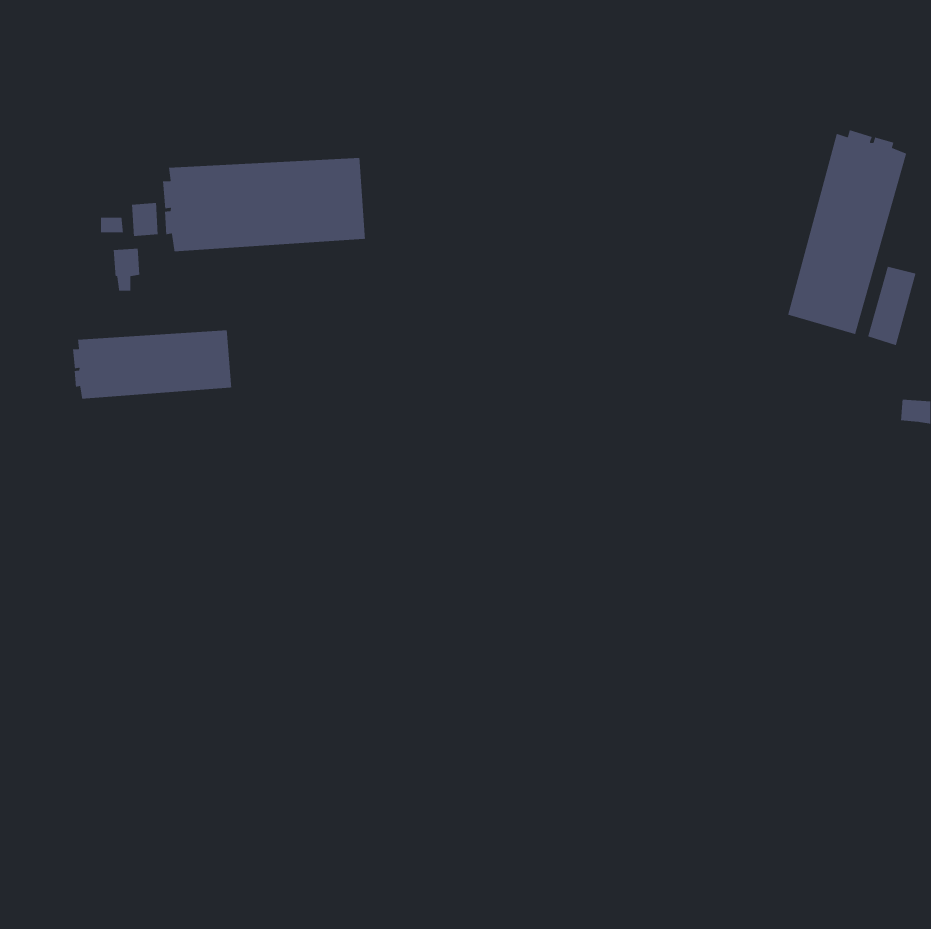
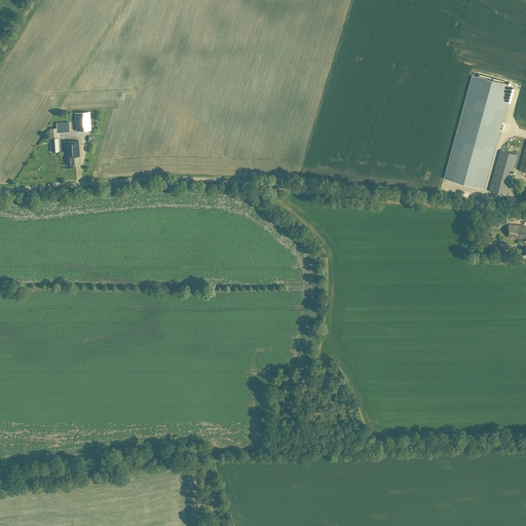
building: [162,157,366,252] -> none
building: [72,329,232,400] -> none

